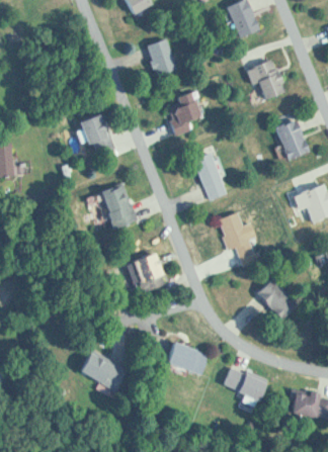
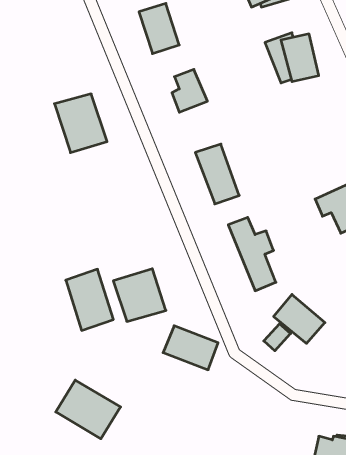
building: [271,117,309,161] -> none
building: [97,180,137,231] -> [66,269,113,330]
building: [162,340,208,376] -> [163,326,218,370]
building: [219,366,264,401] -> none

